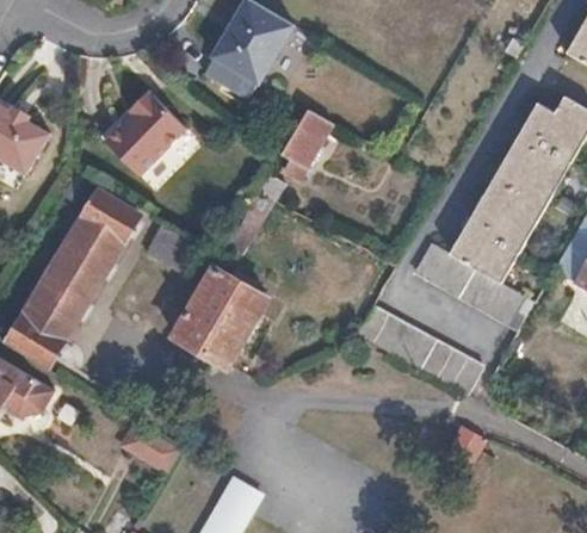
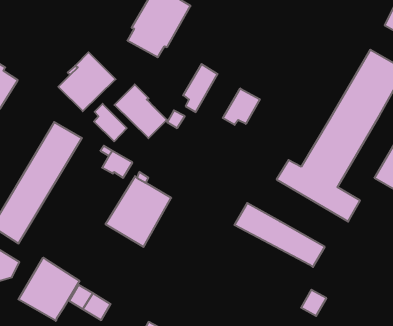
building: none -> [114,84,167,138]
building: none -> [223,88,260,125]
building: none -> [94,104,127,141]
building: none -> [18,258,79,321]

